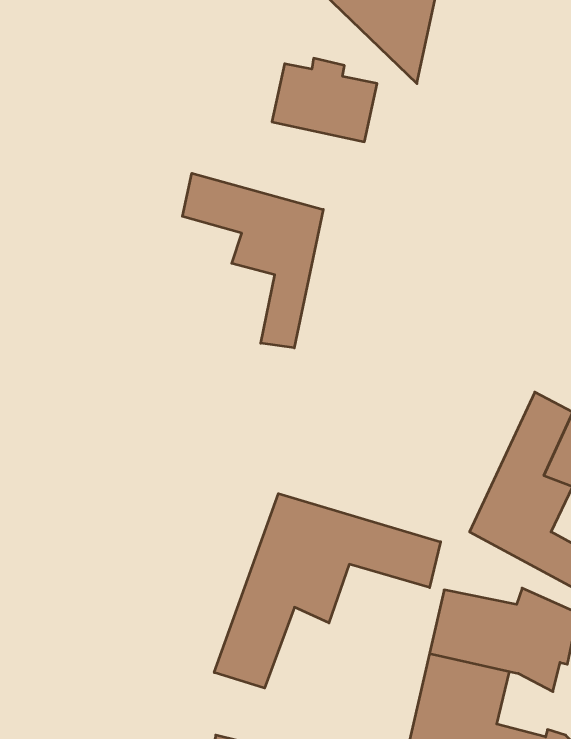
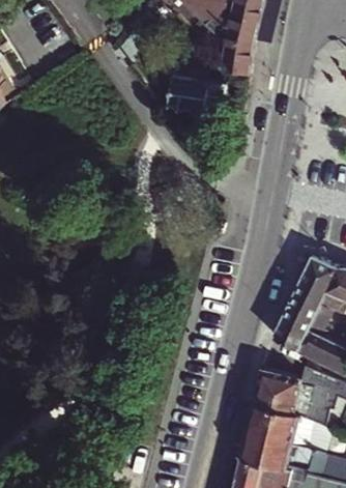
building: [182,173,323,348] -> none
building: [214,494,441,688] -> none

